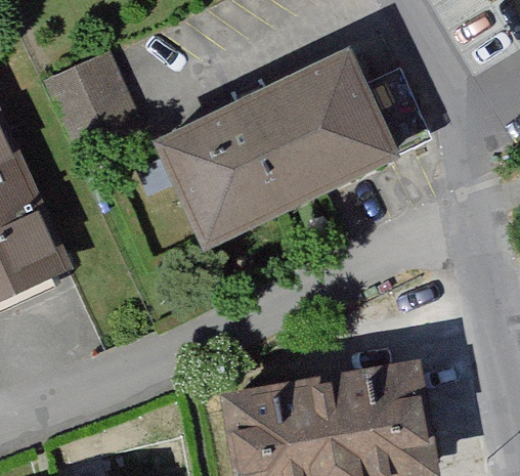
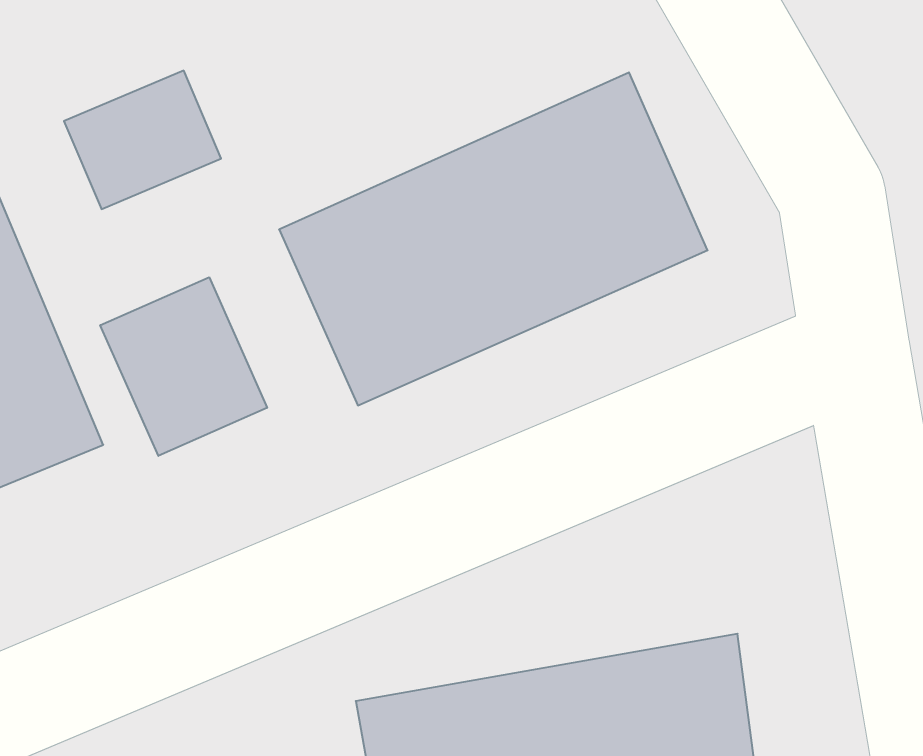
building: none -> [100,277,267,456]

